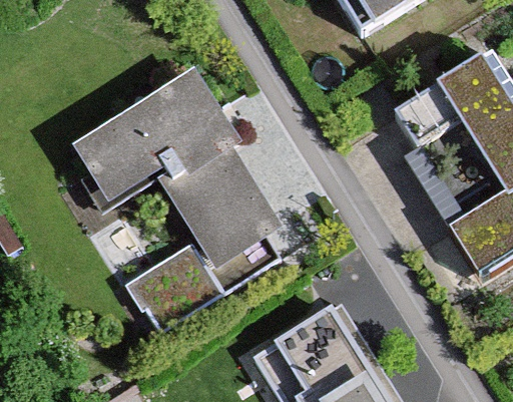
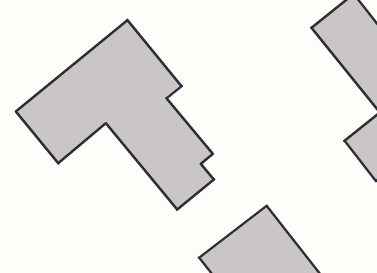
building: [127,239,225,333] -> none

